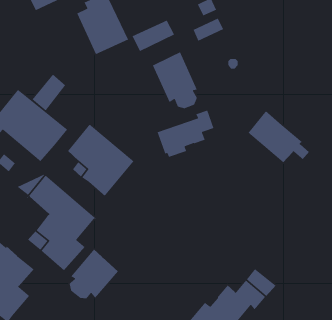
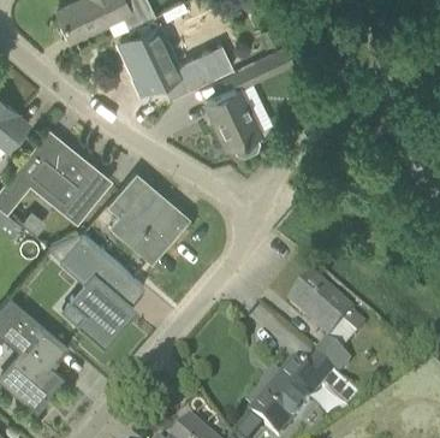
building: [31,73,66,112] -> none
building: [156,109,215,158] -> none
building: [248,110,310,163] -> [291,277,364,339]
building: [69,249,119,299] -> none

